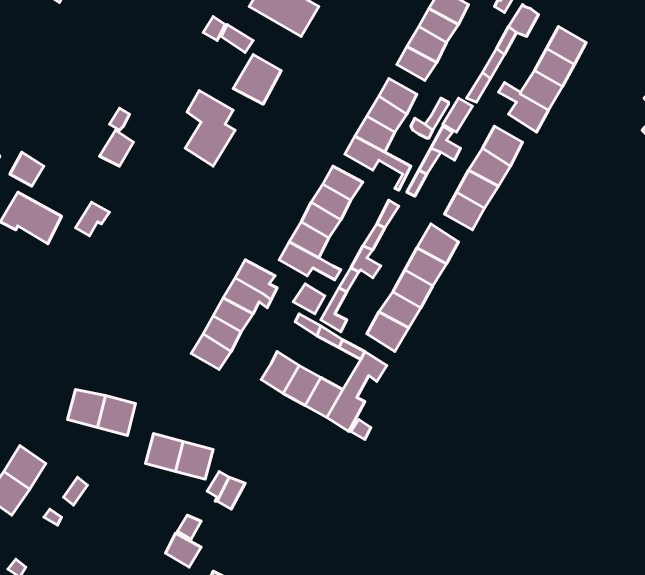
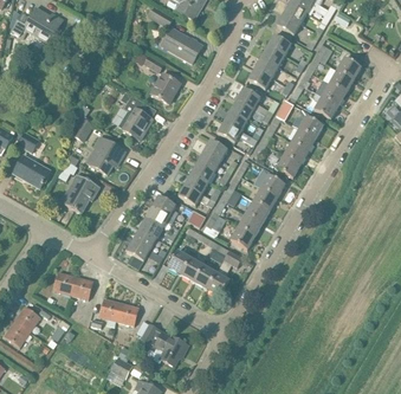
building: none -> [90,136,125,174]
building: none -> [62,174,101,213]
building: none -> [151,332,188,366]

